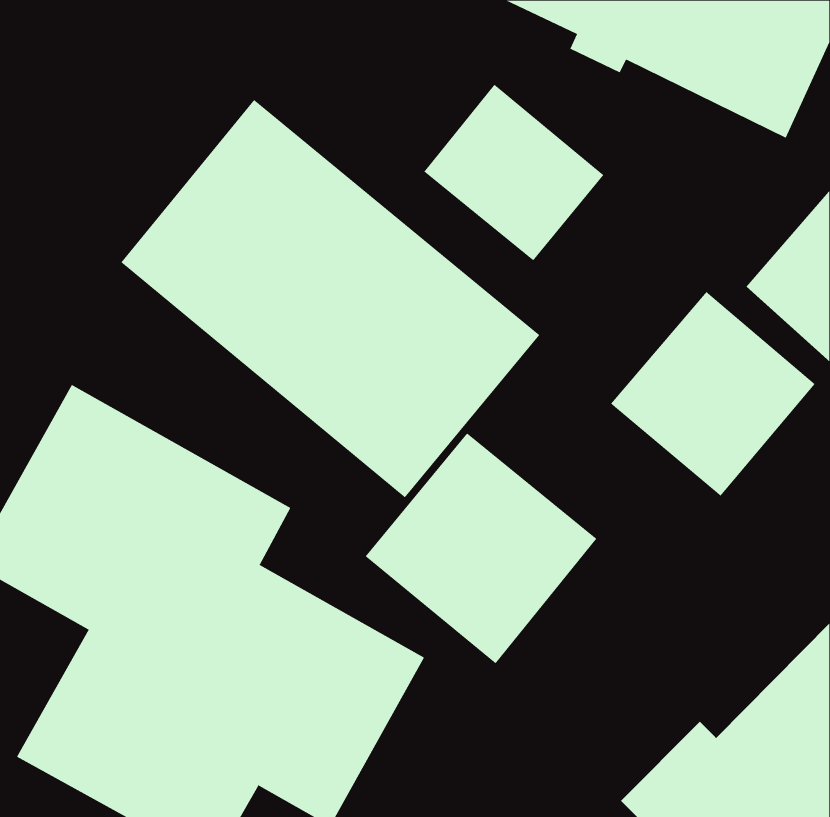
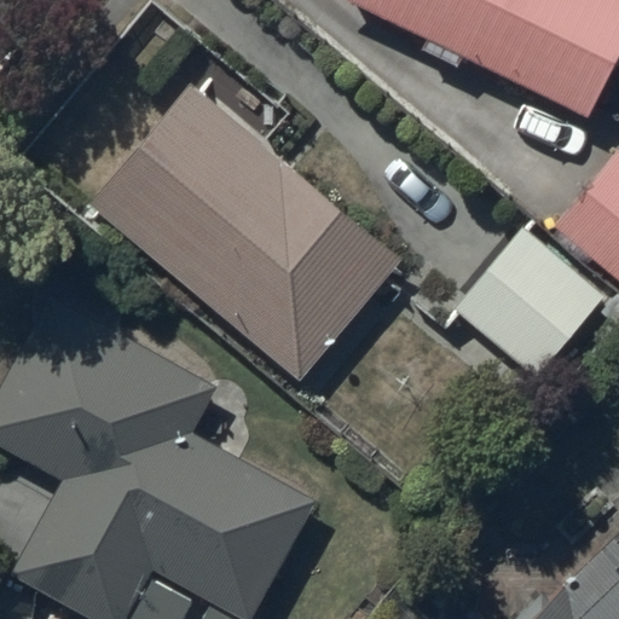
building: [424,84,604,261] -> none
building: [365,433,597,664] -> none

